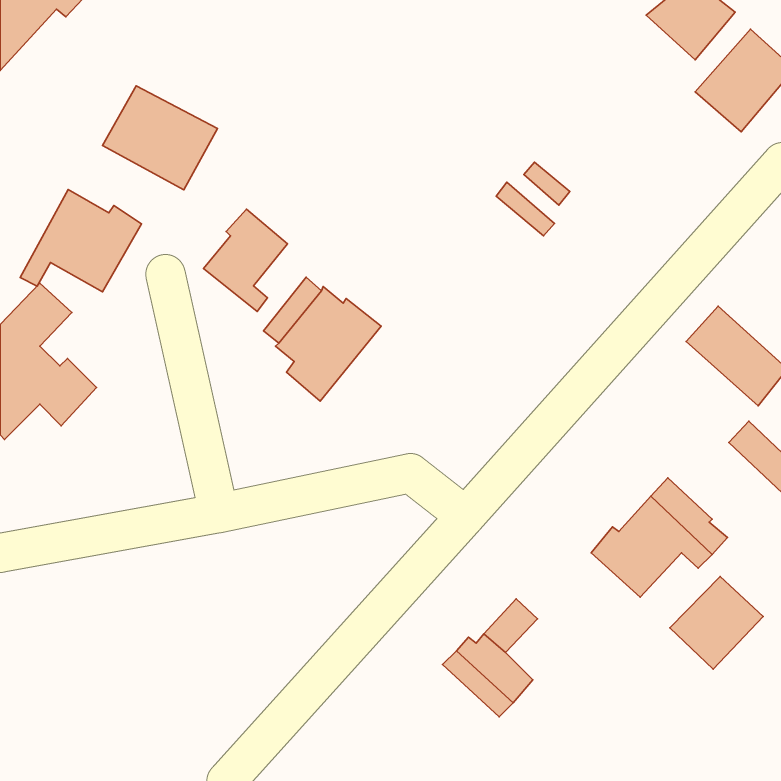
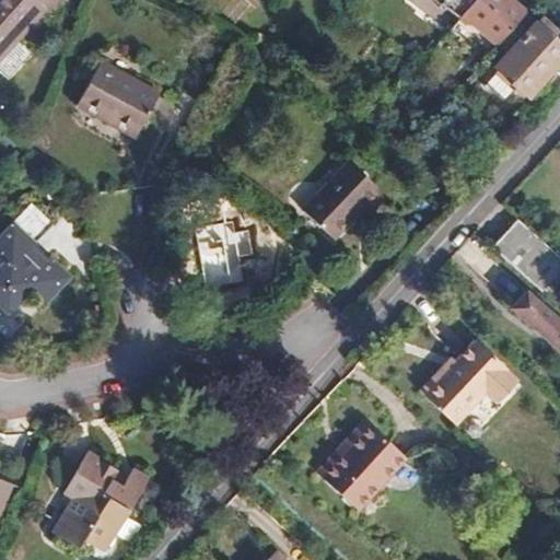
building: [20,189,142,292] -> none
building: [203,209,288,312] -> none
building: none -> [304,160,386,237]
building: [670,577,763,669] -> none
building: none -> [362,442,406,486]
building: none -> [51,453,148,551]

